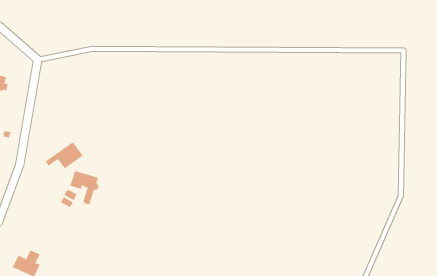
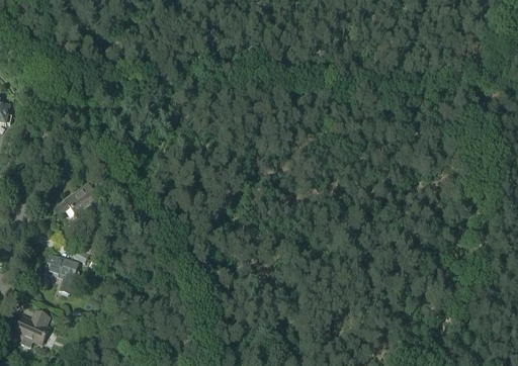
building: [70,170,100,205] -> [44,254,79,294]

